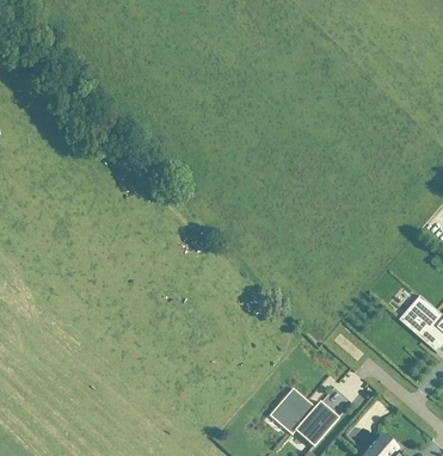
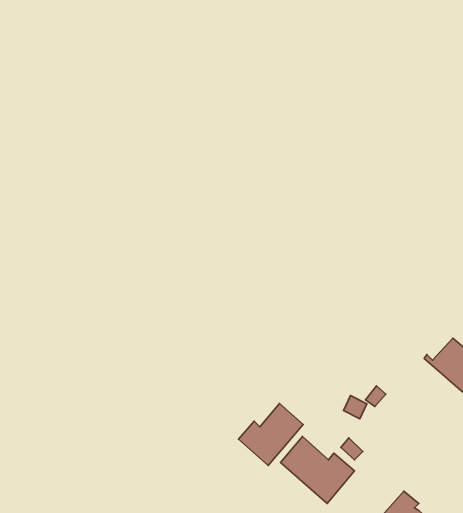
building: none -> [239,404,303,466]

